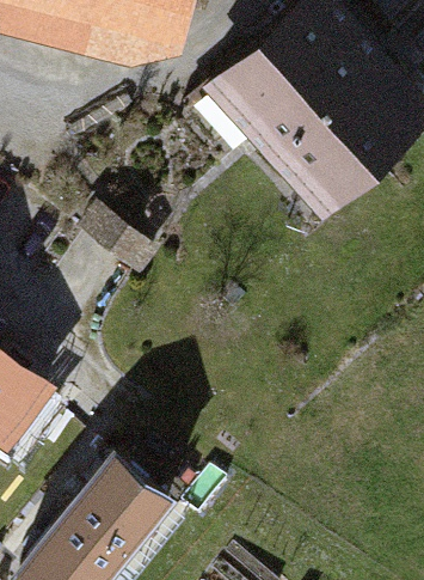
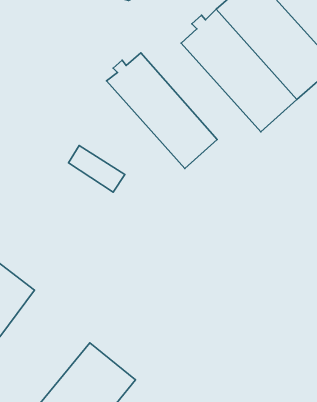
building: none -> [107,53,217,168]

